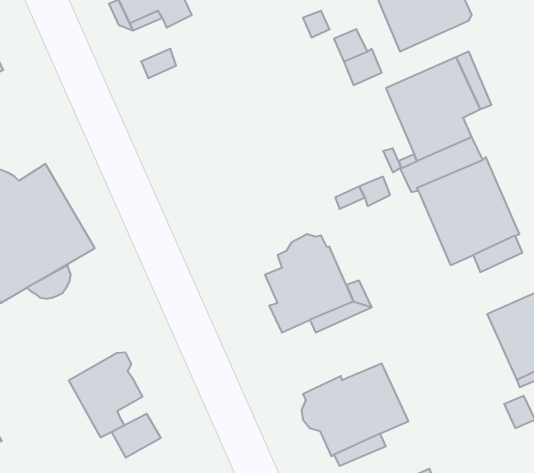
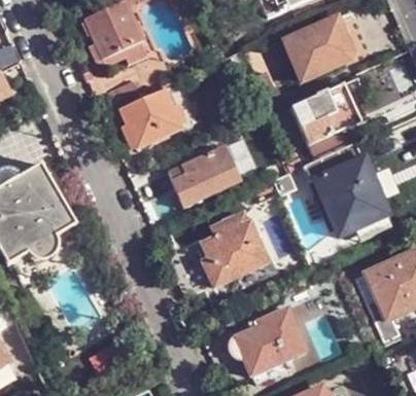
building: none -> [119,86,184,147]
building: none -> [168,145,240,207]
building: [69,352,143,438] -> none

